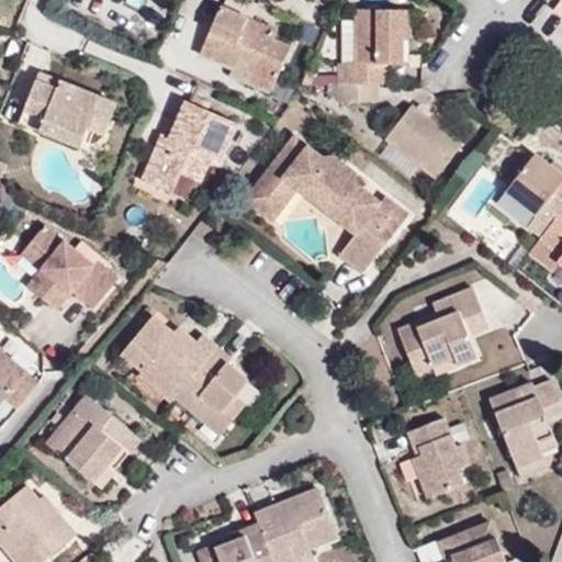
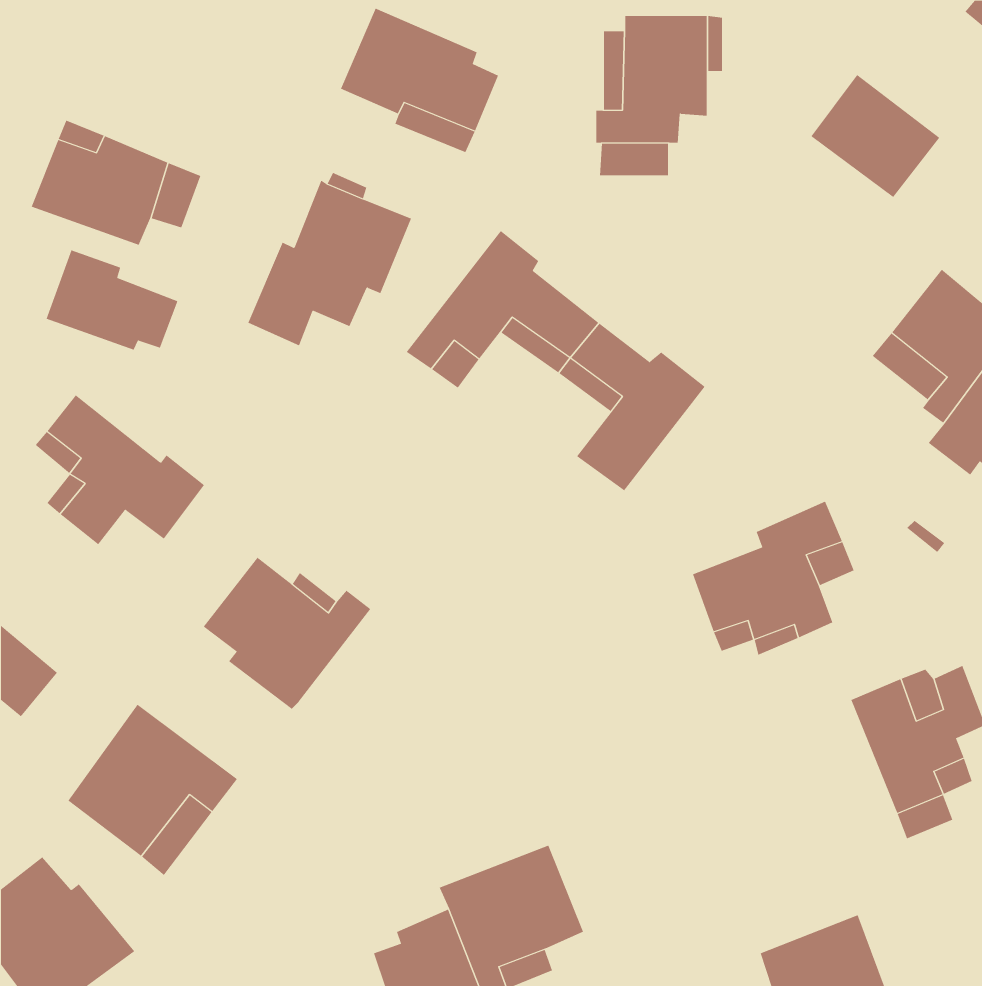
building: [390,109,463,179] -> [810,74,940,198]
building: none -> [46,249,178,350]
building: [173,347,246,435] -> none
building: [406,416,468,496] -> none

